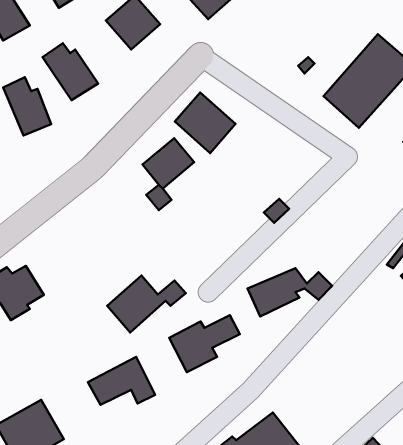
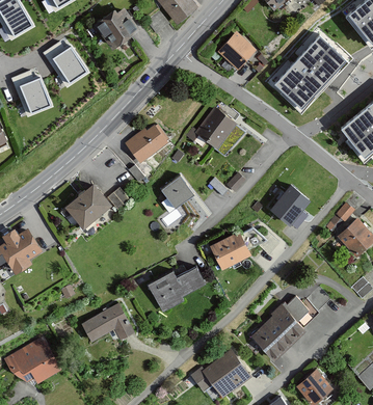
building: none -> [216,30,257,71]
building: [175,92,236,153] -> [195,107,245,157]
building: none -> [162,176,194,208]
building: none -> [271,184,311,223]
building: [107,275,186,332] -> [65,185,130,232]
building: none -> [248,290,328,362]

